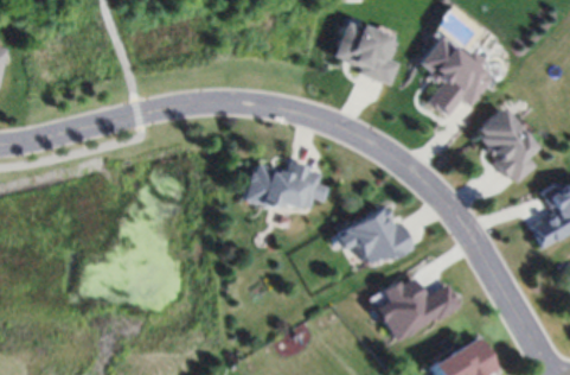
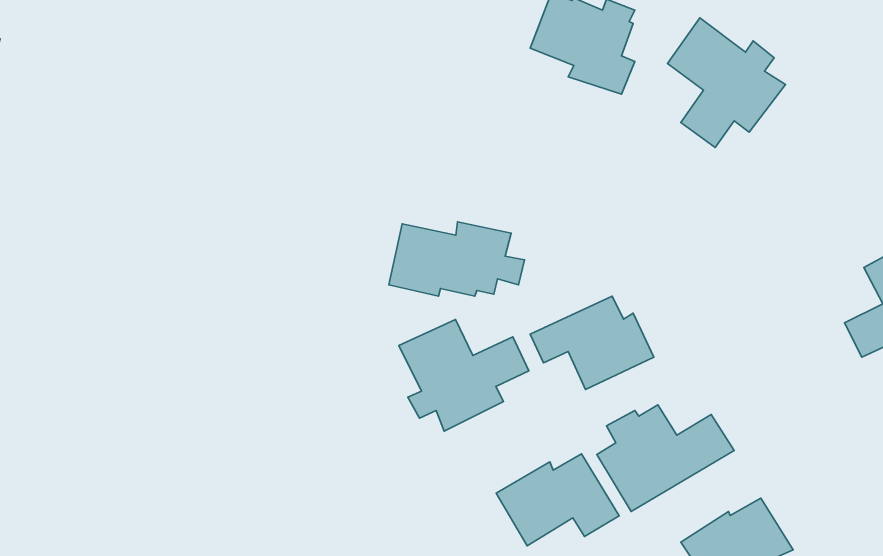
building: [475,108,540,186] -> none
building: none -> [399,319,529,431]
building: none -> [496,454,619,546]

